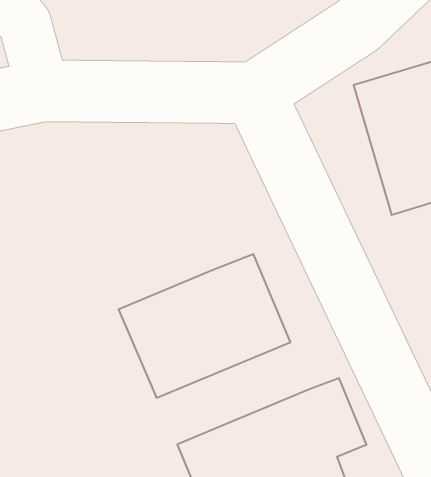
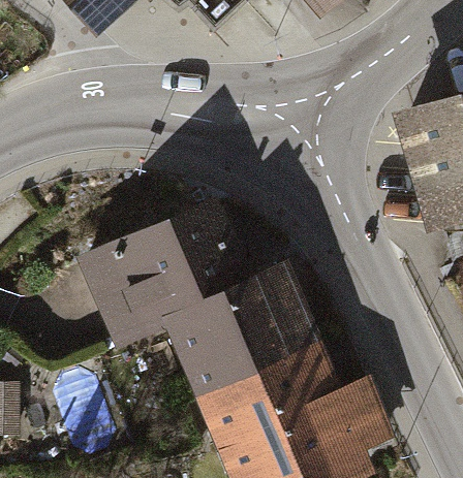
building: none -> [78,200,251,338]
building: none -> [198,346,344,443]

